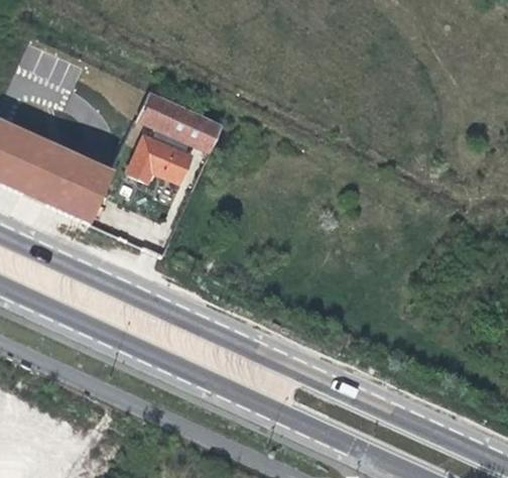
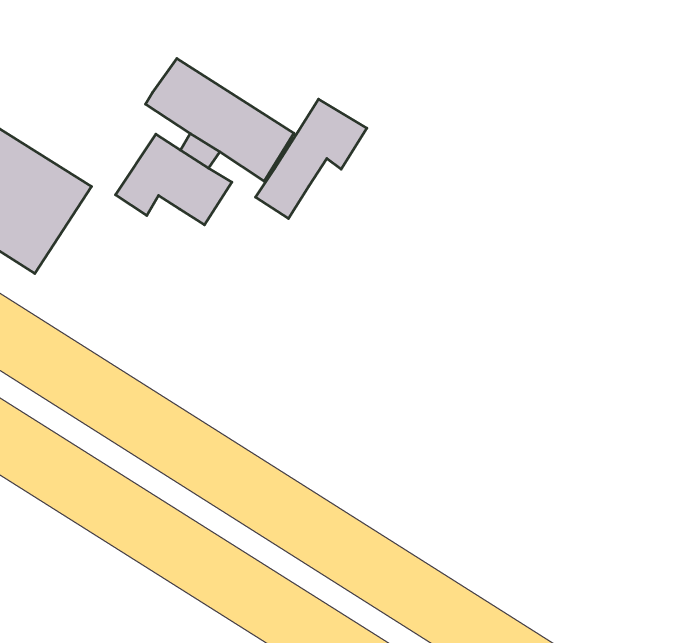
building: none -> [255,99,367,218]

